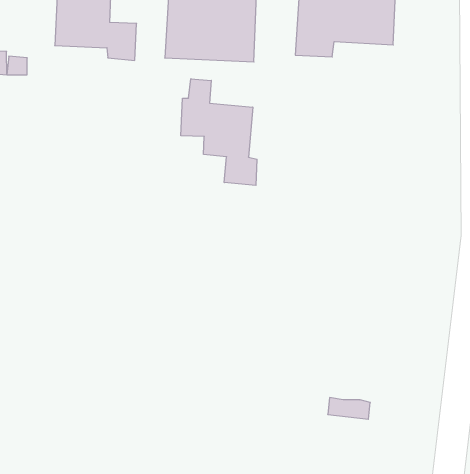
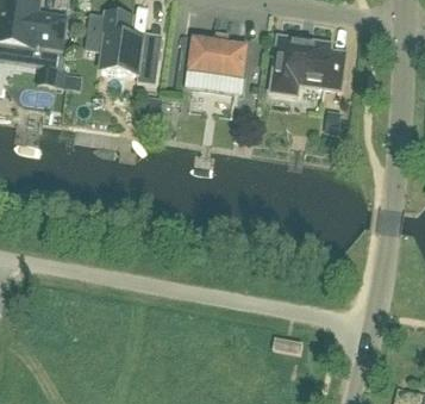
building: [181,79,257,185] -> none

